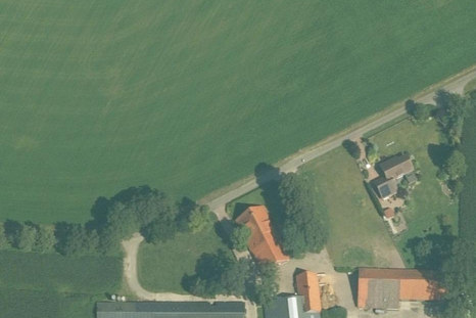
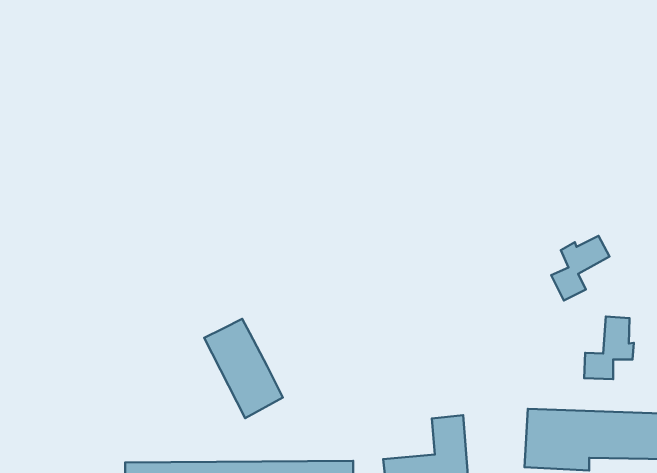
building: [236,207,287,271] -> [204,319,283,418]
building: none -> [584,317,634,379]

